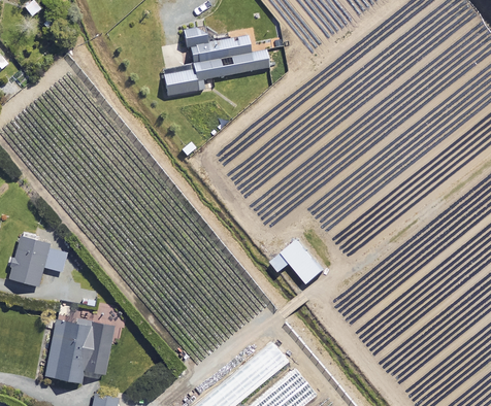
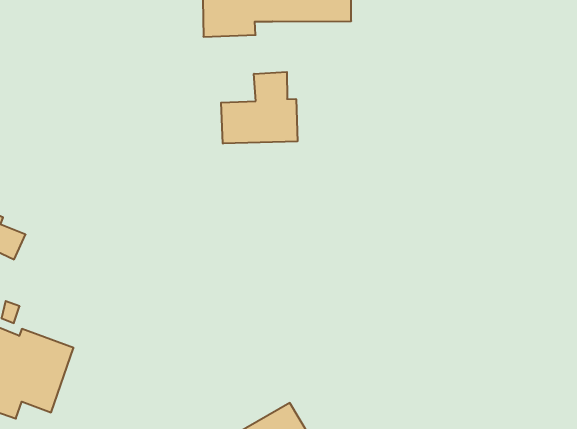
building: none -> [221,72,297,144]
building: [272,241,325,284] -> none

